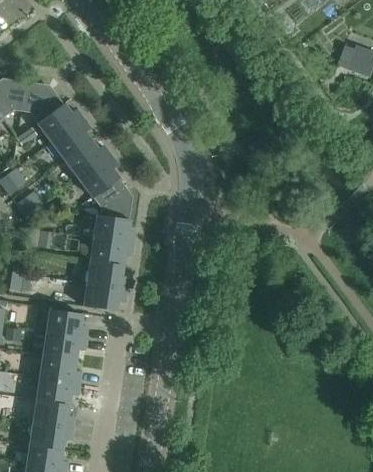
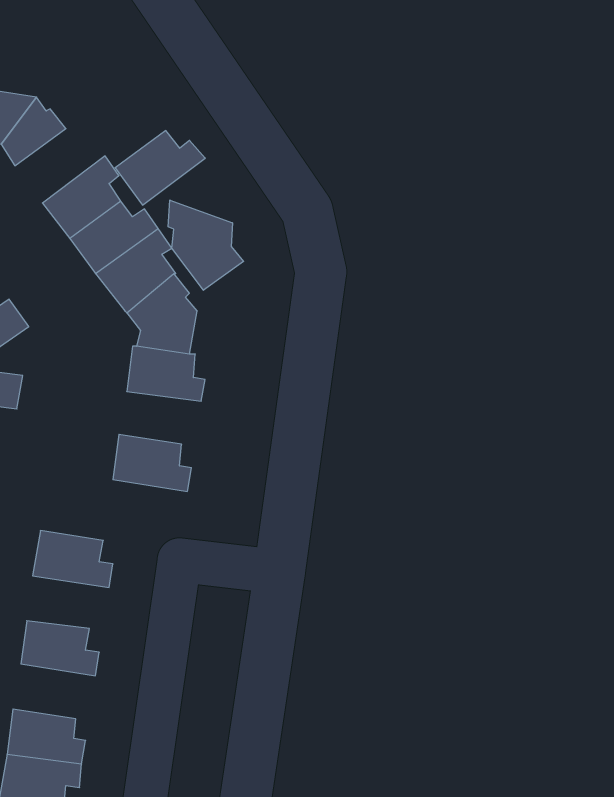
building: [37,104,83,142] -> [115,131,205,205]
building: none -> [168,200,244,290]
building: [90,238,132,265] -> none
building: [83,283,125,311] -> none
building: [43,332,85,359] -> none
building: [36,377,78,405] -> none

